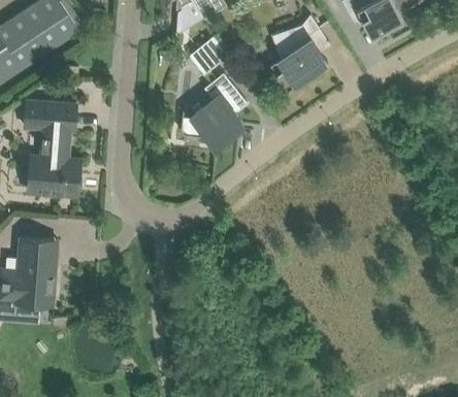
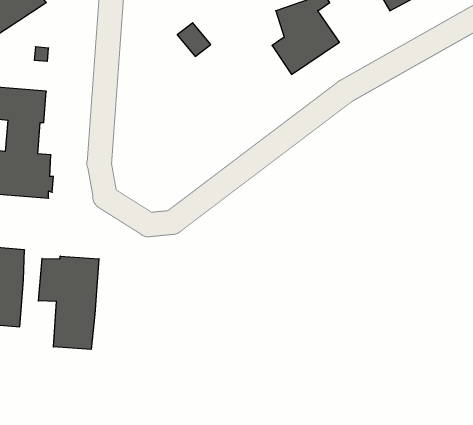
building: [181,73,249,147] -> none
building: none -> [38,256,99,349]

